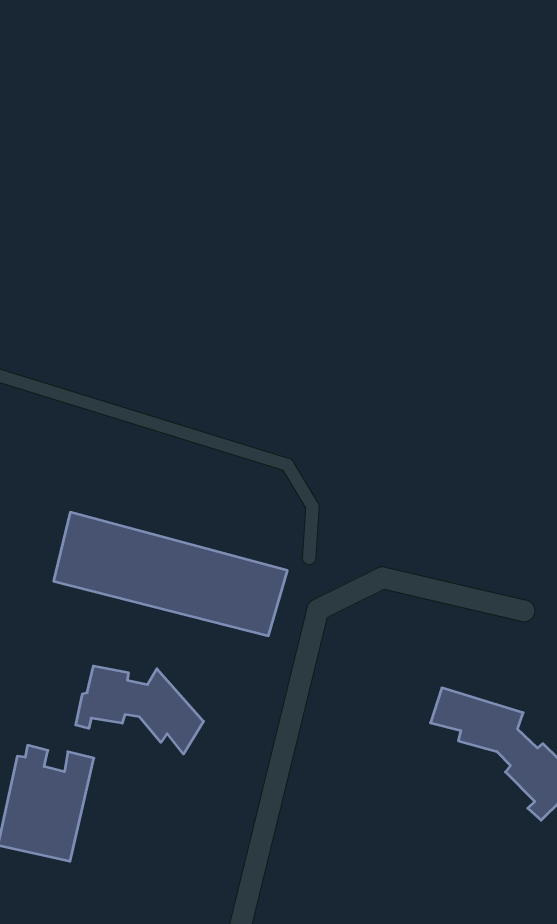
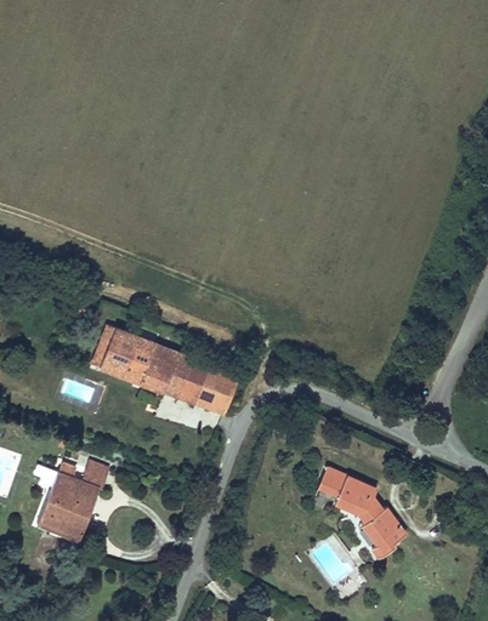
building: [76,666,204,754] -> none

